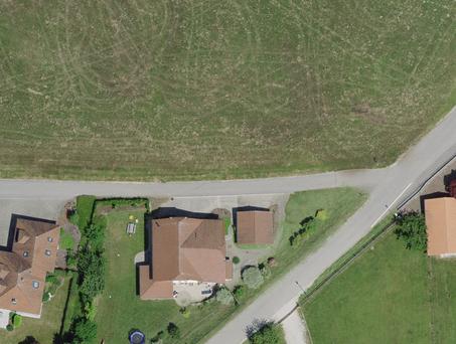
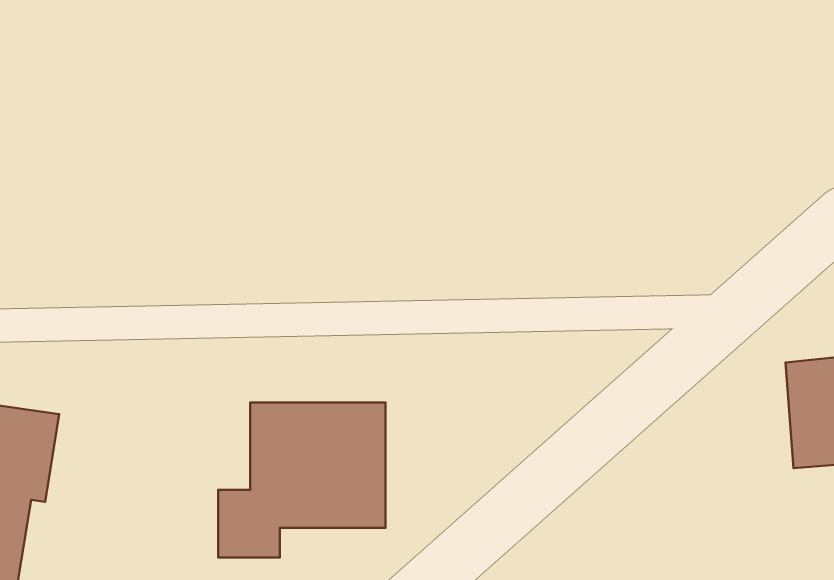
building: [238,212,271,242] -> none

